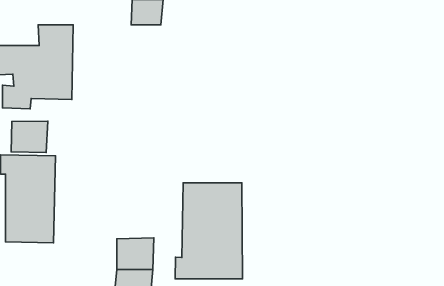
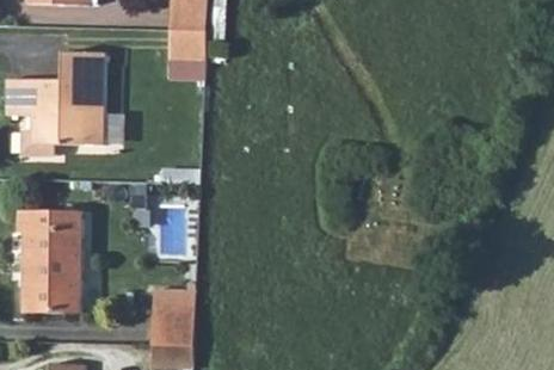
building: [11,121,48,153] -> none
building: [175,183,243,279] -> none

